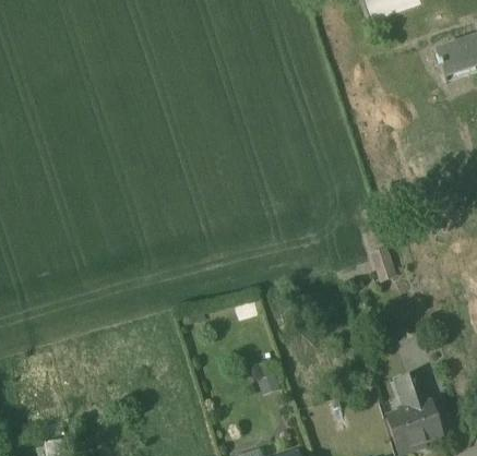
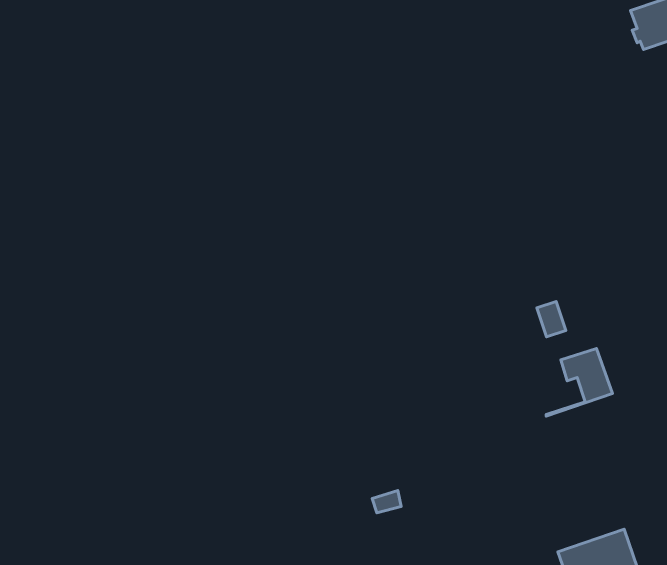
building: [386,371,431,417] -> [546,348,613,416]

